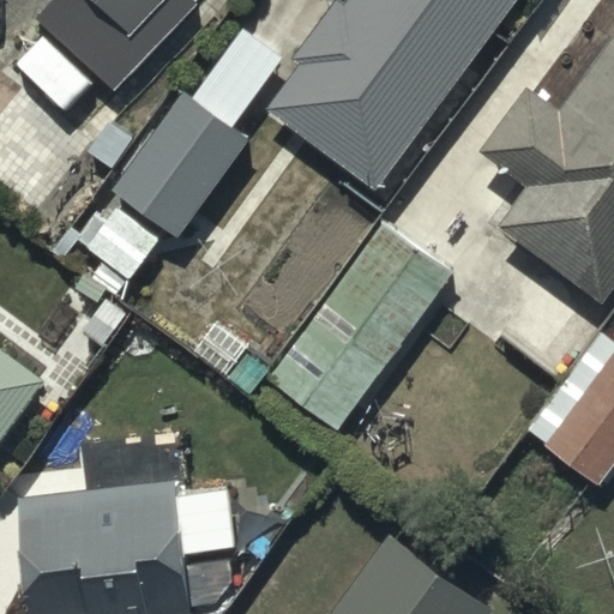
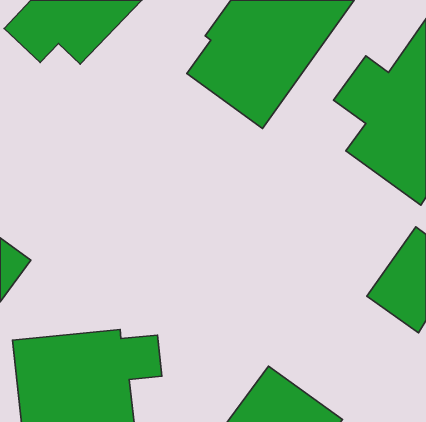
building: [112,83,251,229] -> none
building: [269,223,450,432] -> none

